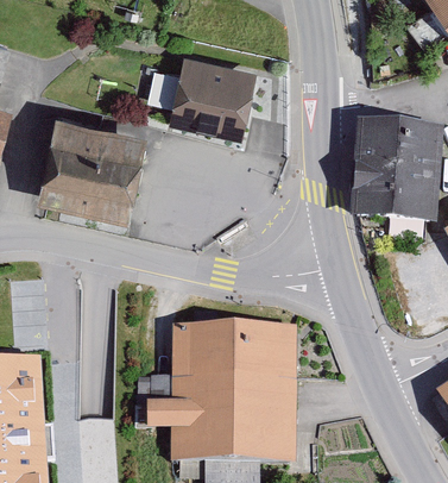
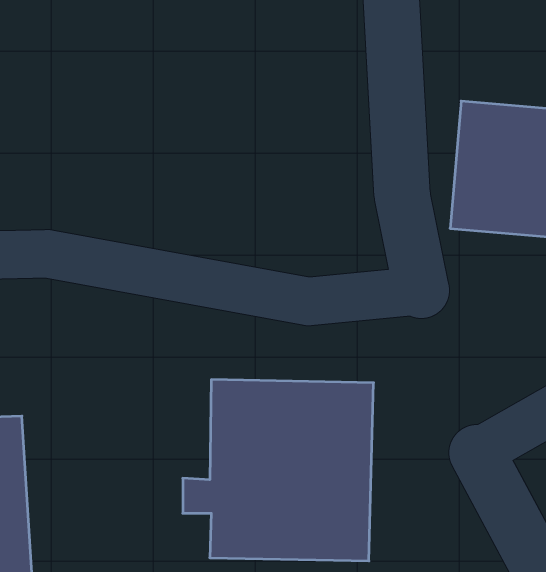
building: [173,51,253,130] -> none
building: [39,106,149,214] -> none

